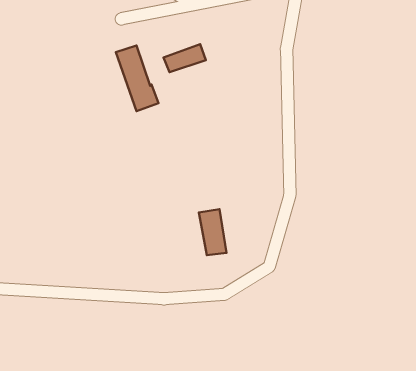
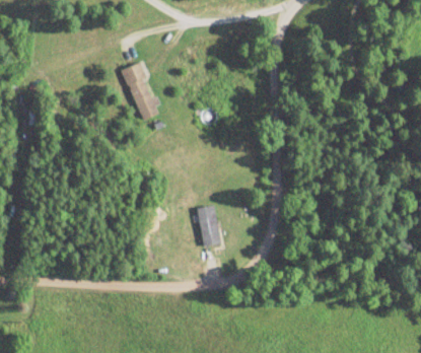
building: [163,44,206,72] -> none

